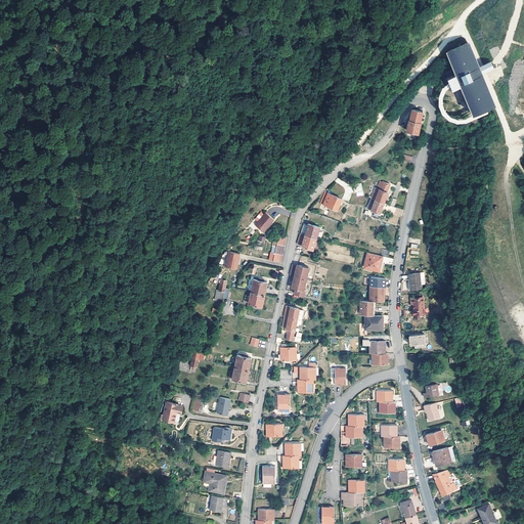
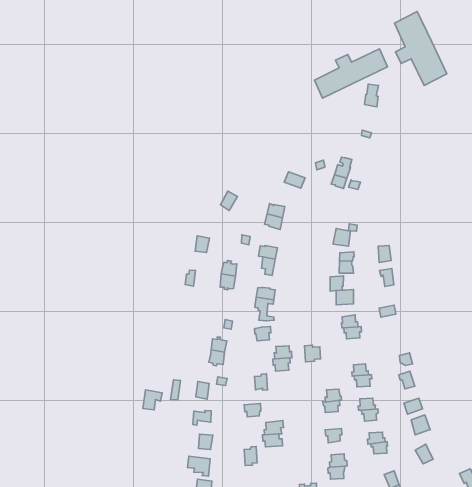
building: none -> [315,49,387,98]

